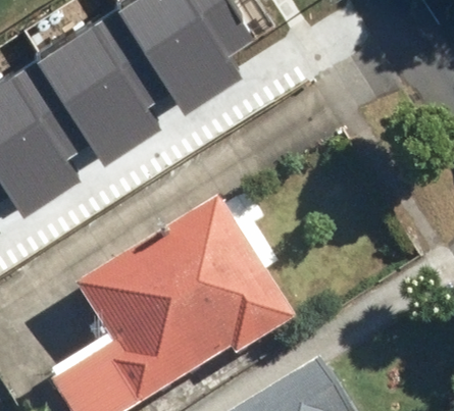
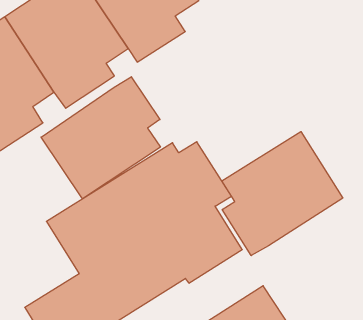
building: none -> [41,77,160,199]
building: none -> [222,132,343,256]

